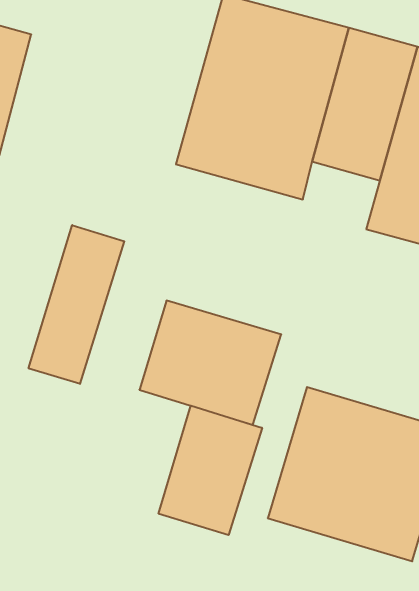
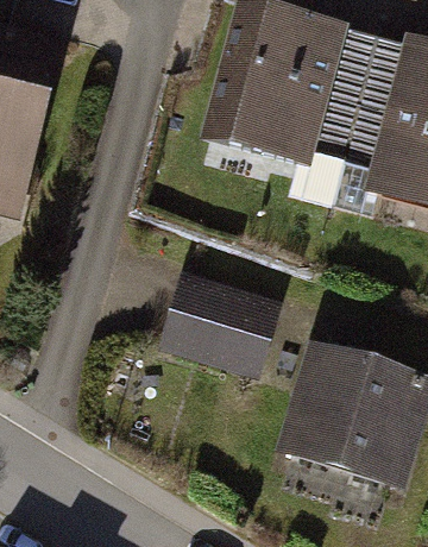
building: [29,225,124,384] -> none
building: [159,406,262,535] -> none

